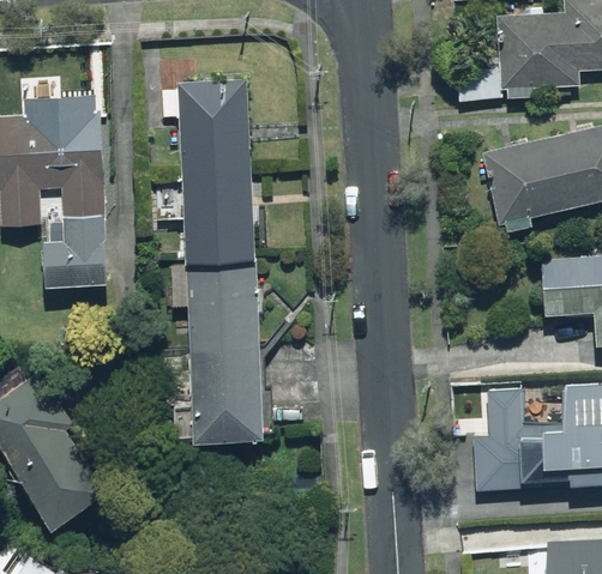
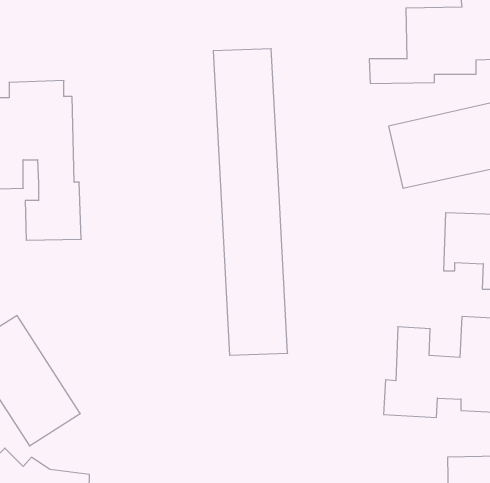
building: [177,81,265,442] -> [213,49,288,355]

